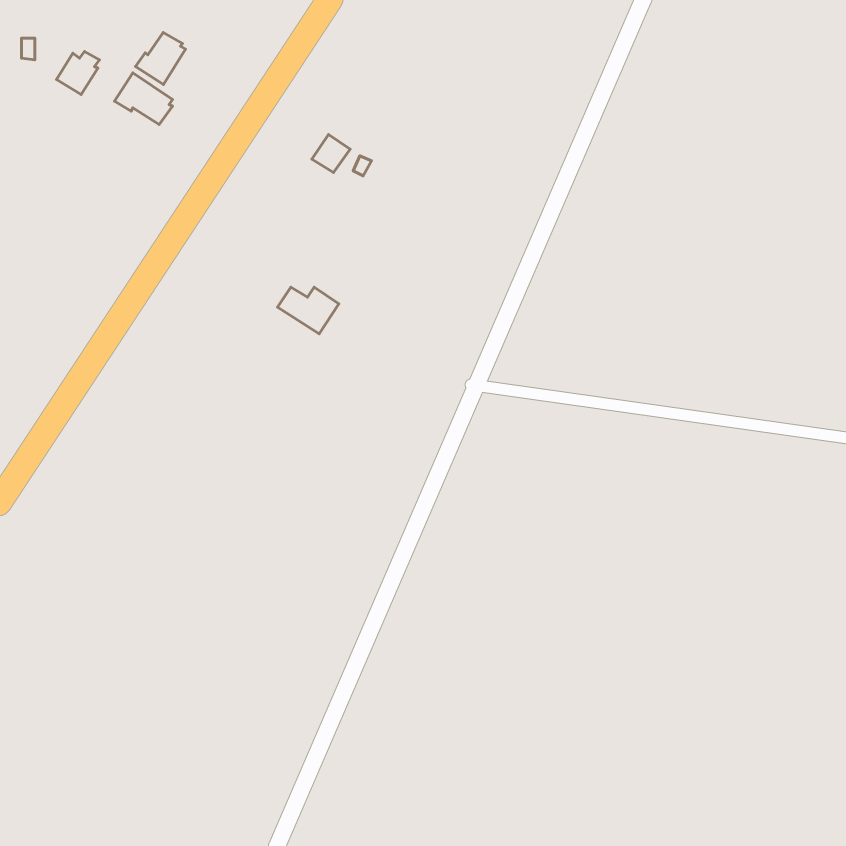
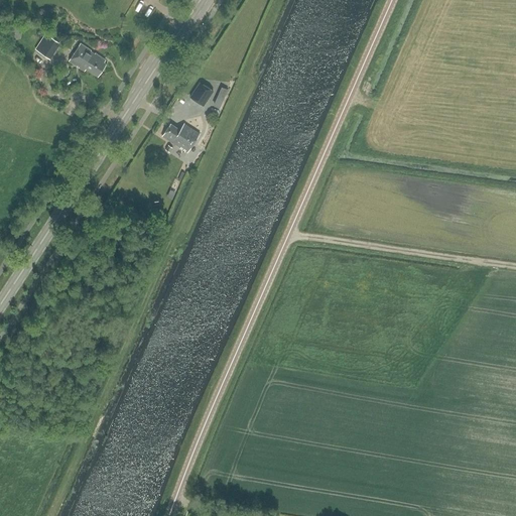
building: [135,32,185,85] -> none
building: [278,287,339,334] -> [161,123,199,151]

